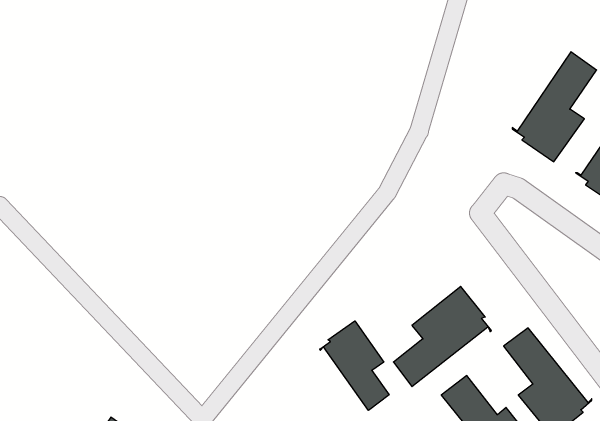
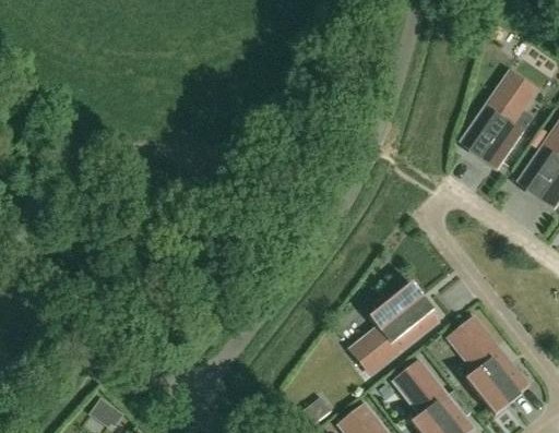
building: [320,321,389,410] -> none

